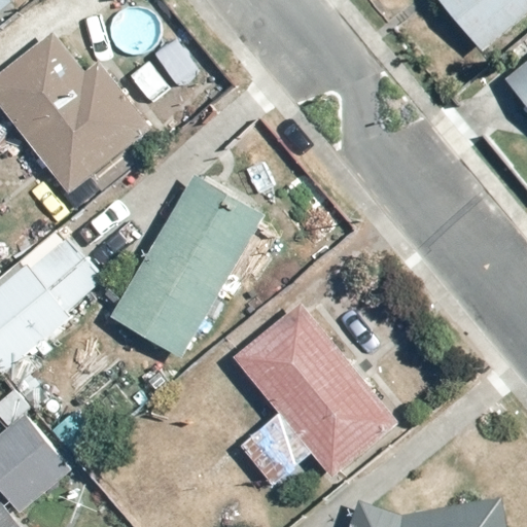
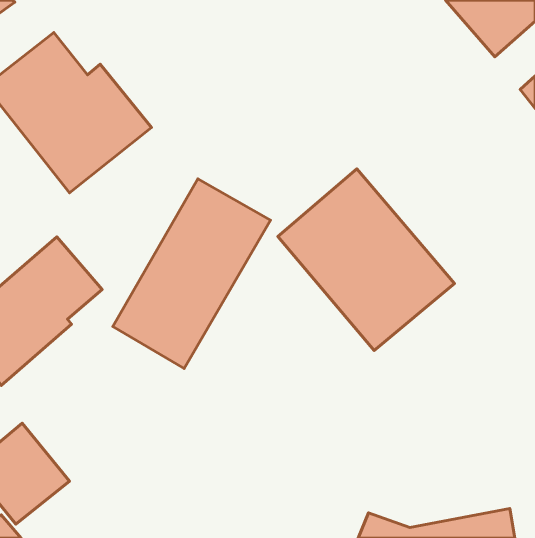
building: none -> [278,169,454,350]
building: [235,304,402,487] -> none

